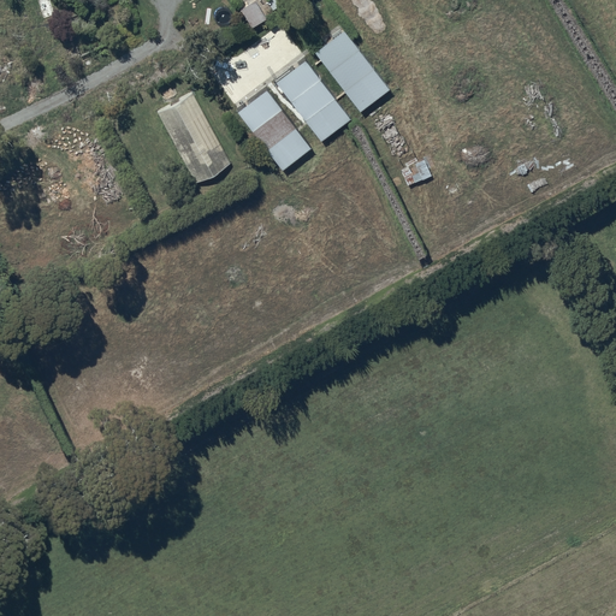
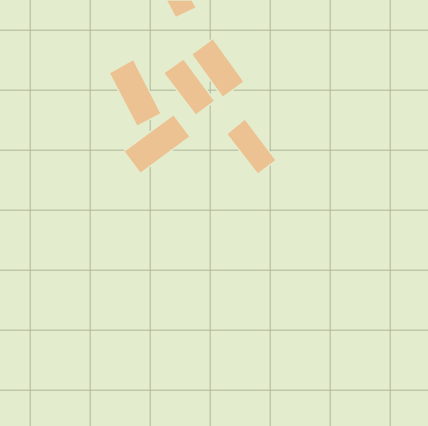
building: [316,31,387,111] -> [227,119,276,174]
building: none -> [124,114,190,173]

